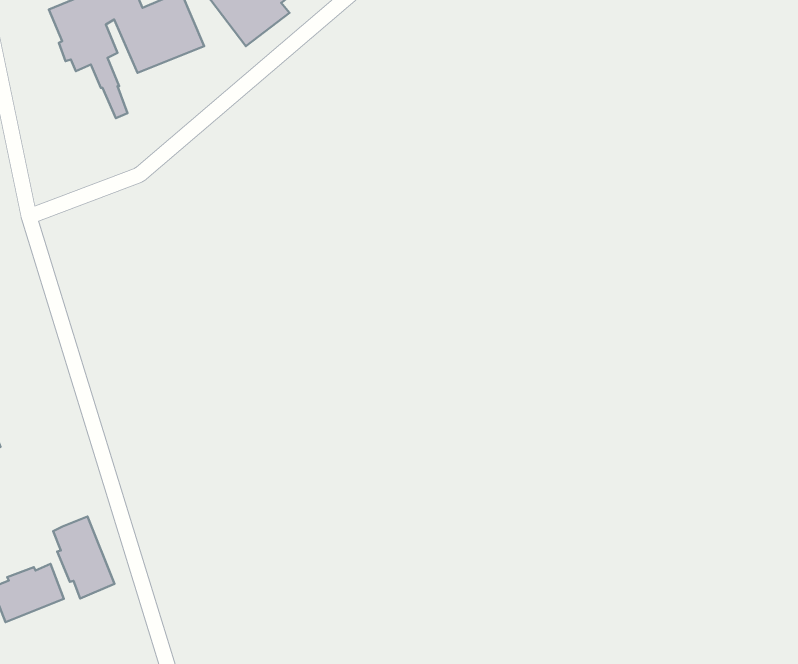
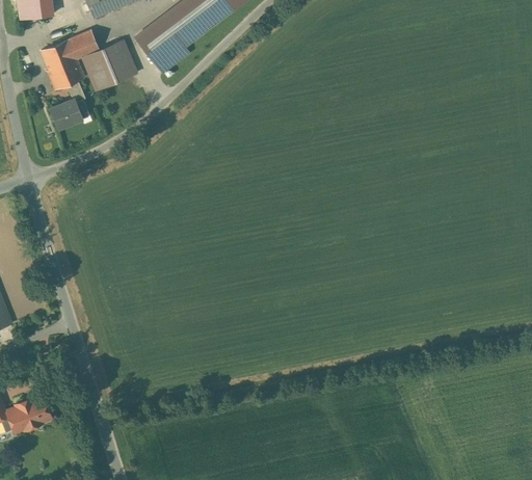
building: none -> [50,100,82,129]
building: [53,517,115,598] -> none

